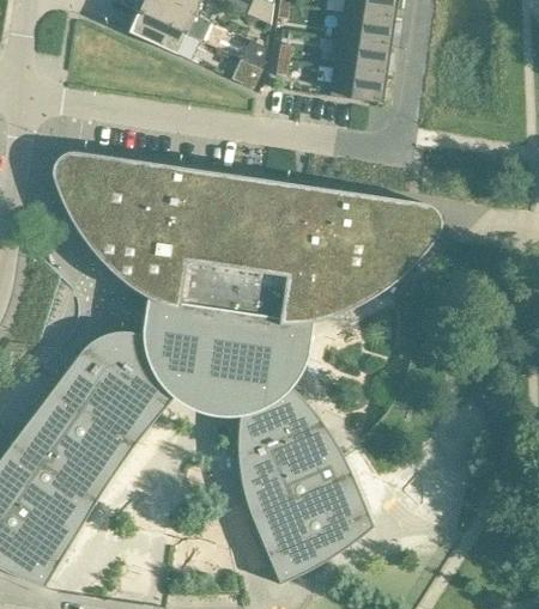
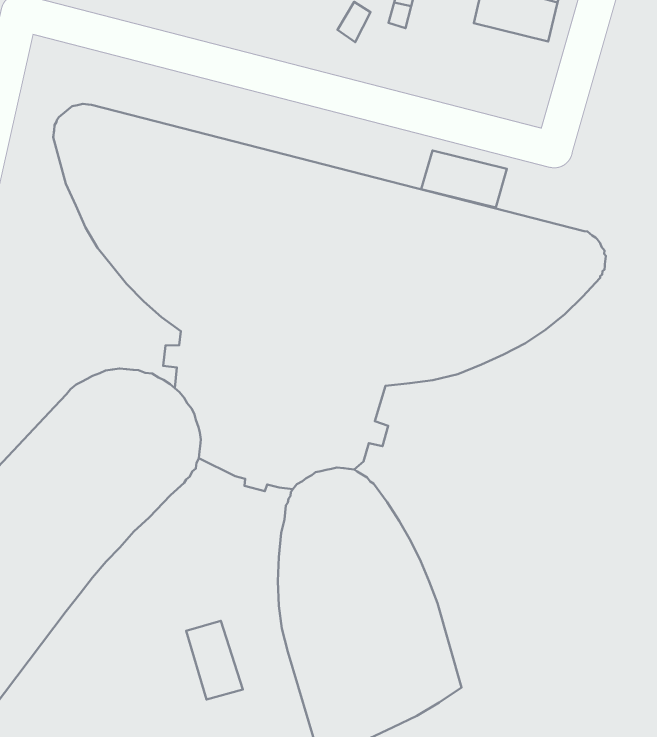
building: [328,68,386,103] -> [421,150,507,208]
building: none -> [186,621,243,700]

